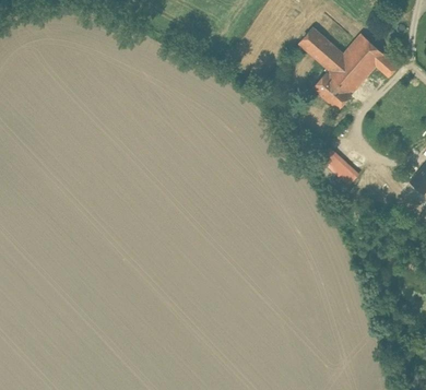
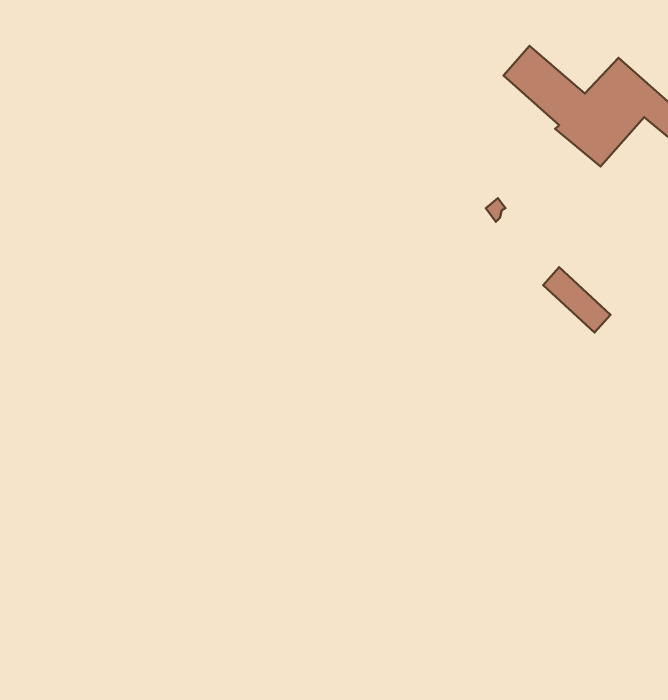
building: [312,72,352,110] -> none

